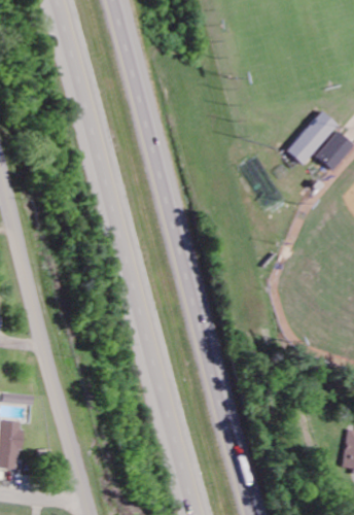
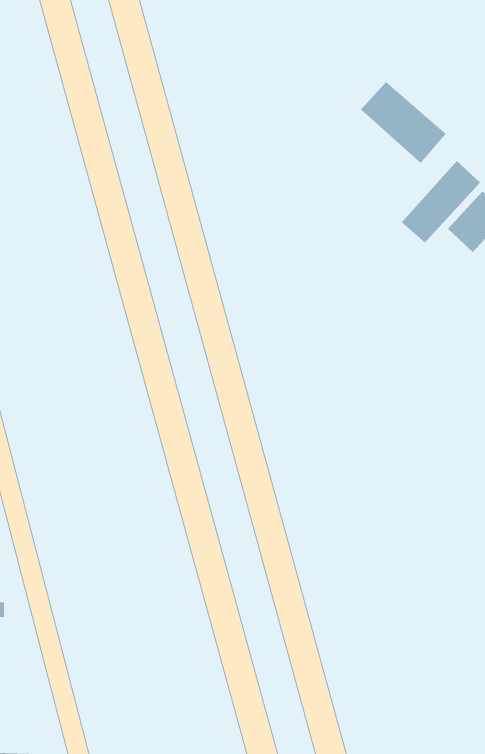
building: none -> [360,81,447,164]

